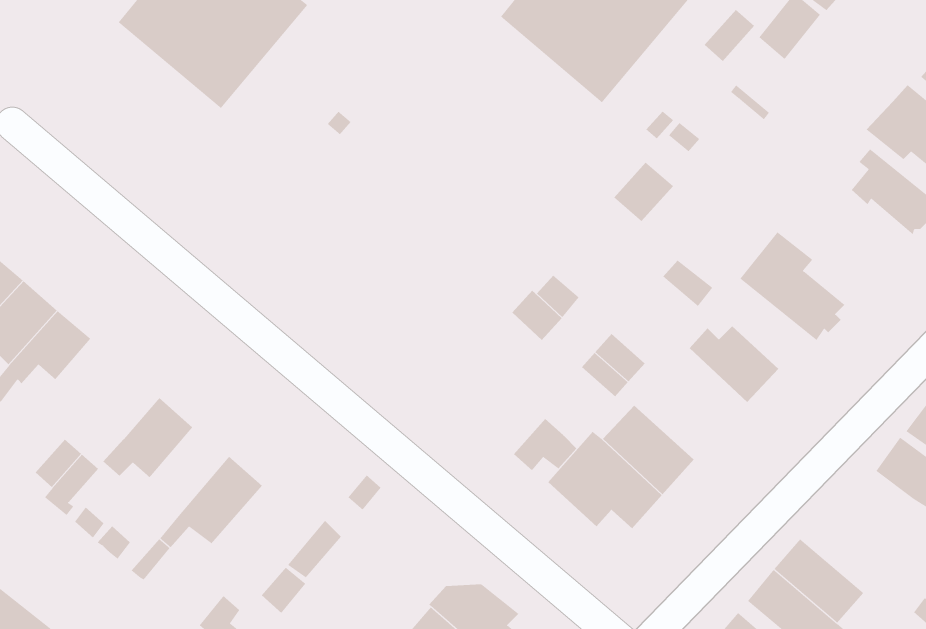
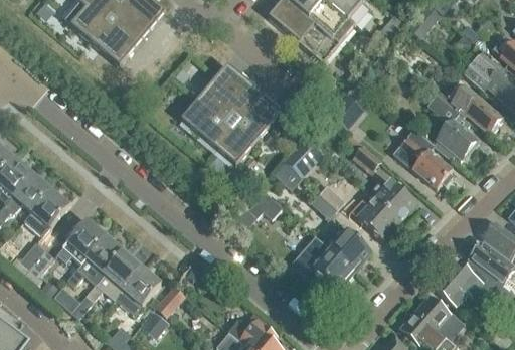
building: none -> [180,63,281,165]
building: none -> [425,95,477,160]
building: none -> [22,188,68,236]
building: none -> [353,193,399,241]
building: [513,418,577,471] -> [246,190,281,218]
building: none -> [66,235,123,285]
building: none -> [436,258,488,305]
building: none -> [114,267,160,314]

